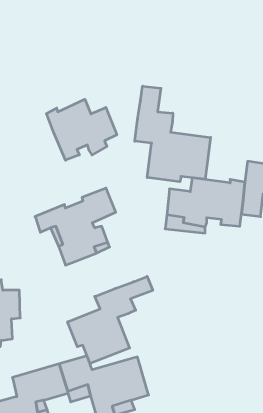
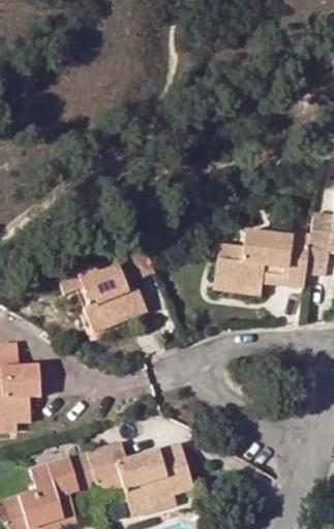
building: [135,86,211,182] -> none
building: [46,99,117,160] -> none
building: [68,276,153,364] -> none

